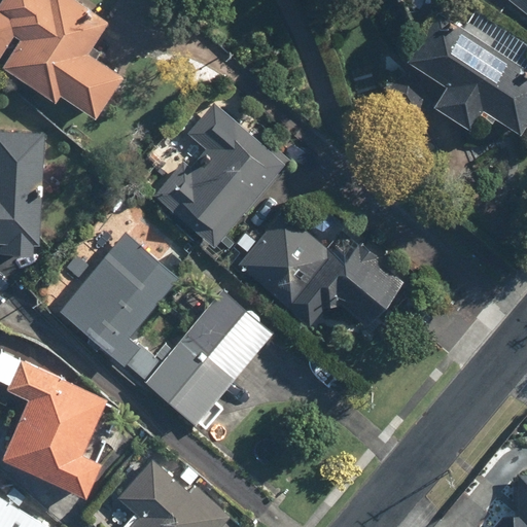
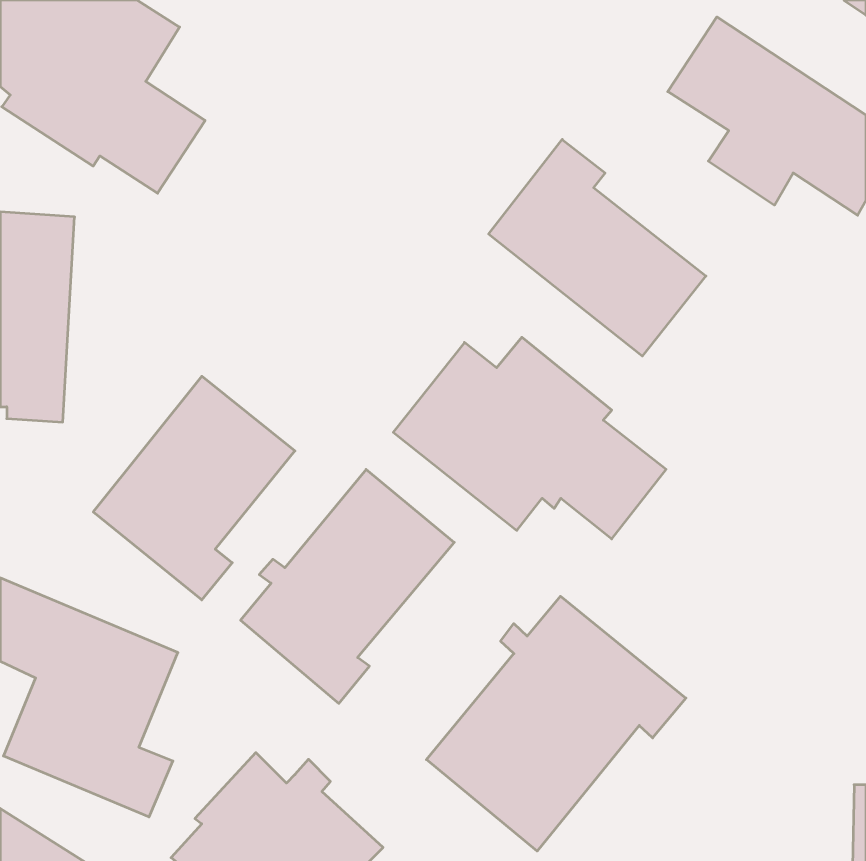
building: none -> [489,139,706,356]
building: [137,99,283,247] -> none
building: none -> [426,596,686,851]

